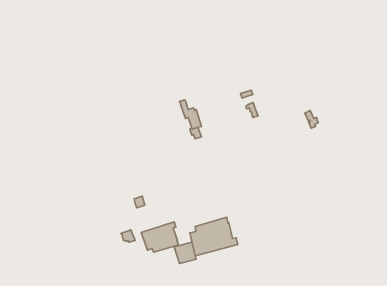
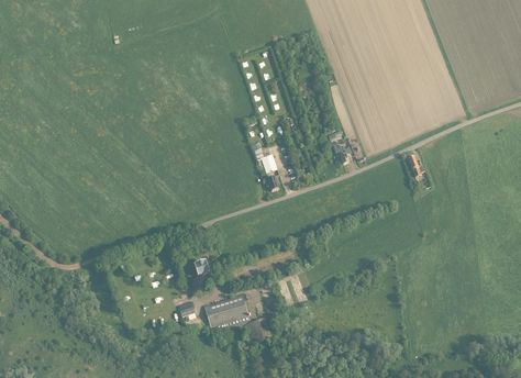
building: [190,217,238,256] -> none

